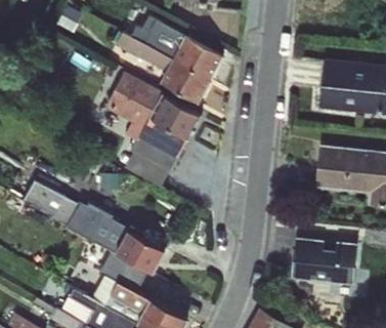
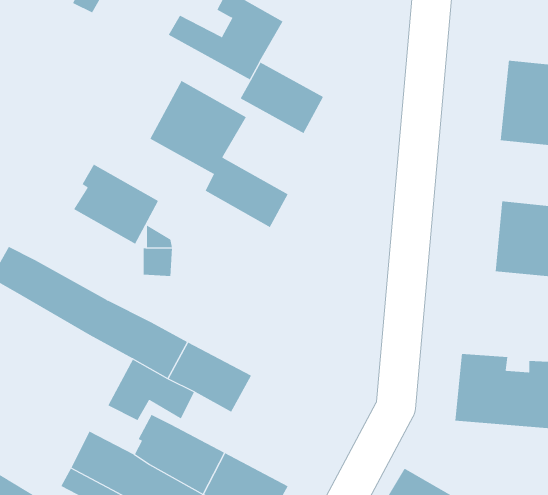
building: [172,35,224,81] -> none
building: [149,93,204,140] -> none
building: [126,138,178,188] -> [73,164,159,244]

